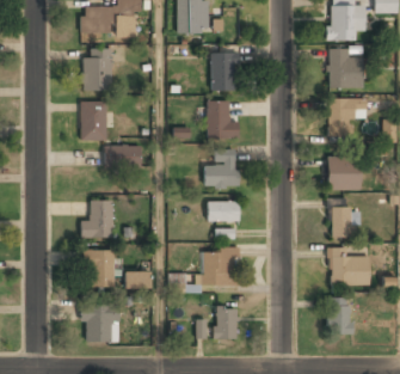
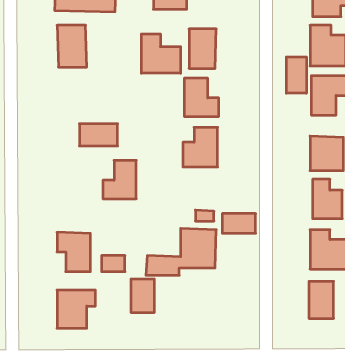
building: none -> [141,34,181,73]
building: none -> [286,57,306,93]
building: [81,100,106,140] -> none
building: [81,201,113,238] -> [103,160,136,199]
building: [208,201,240,220] -> [222,214,256,233]
building: [215,307,238,339] -> [131,279,154,312]

